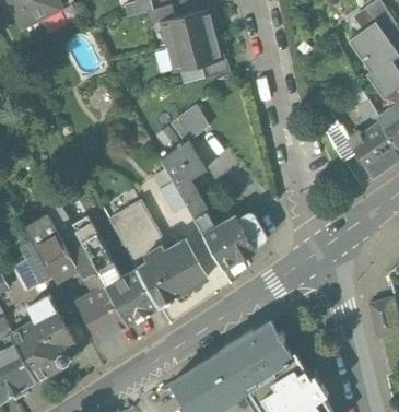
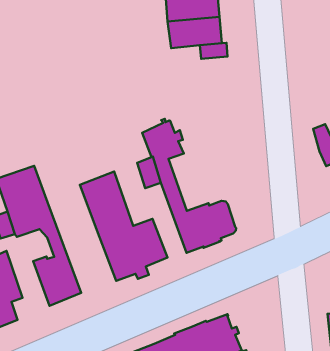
building: [172,106,209,144] -> none
building: [81,234,160,325] -> none

